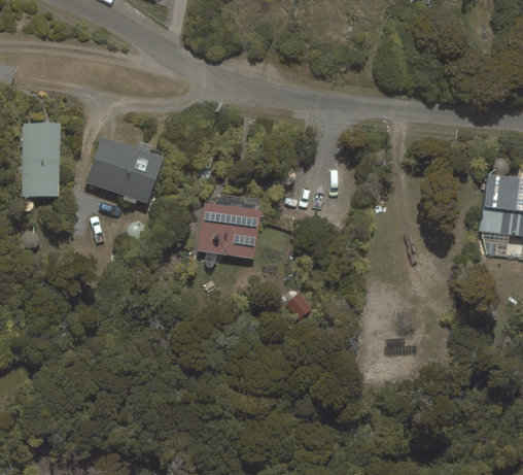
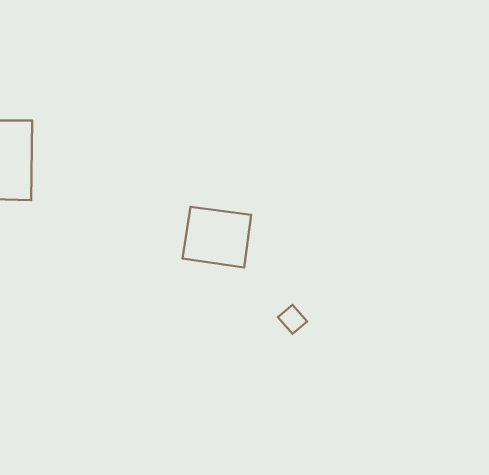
building: [86,137,163,203] -> none

